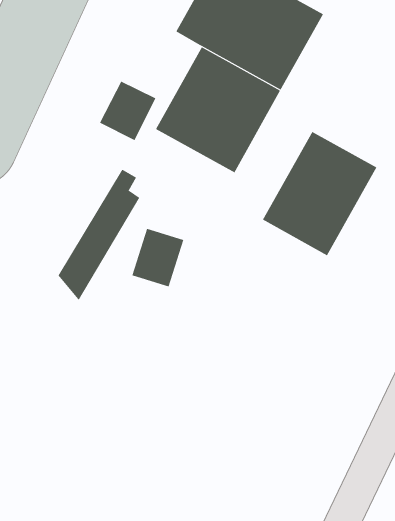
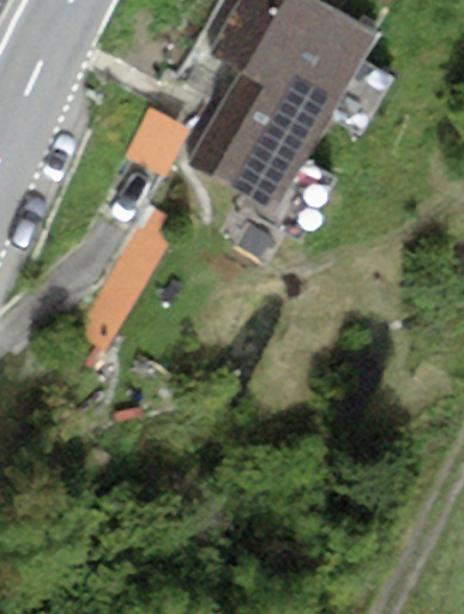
building: [262,131,377,256] -> none

